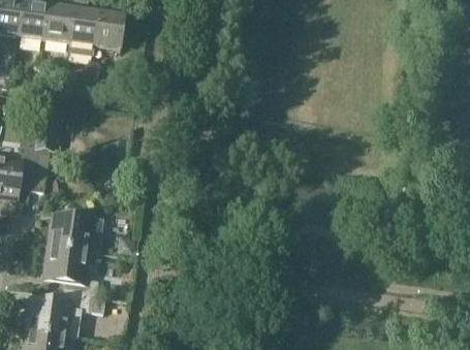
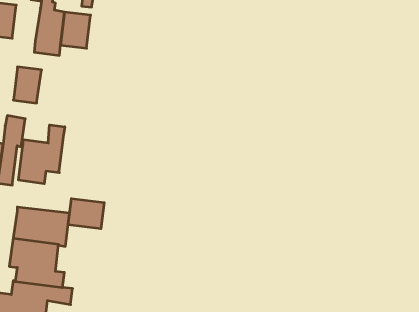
building: [43,6,72,43] -> [13,67,42,103]
building: none -> [19,125,65,184]
building: none -> [68,199,104,229]

